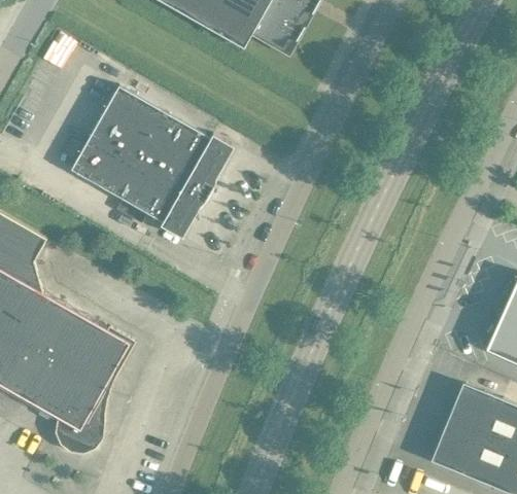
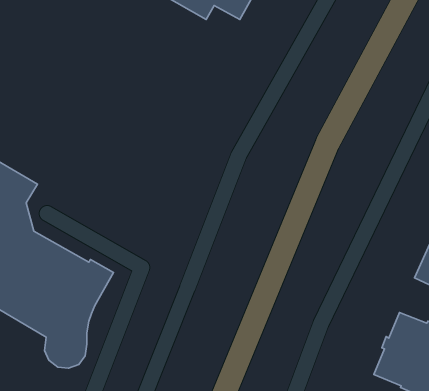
building: [70,85,234,238] -> none

